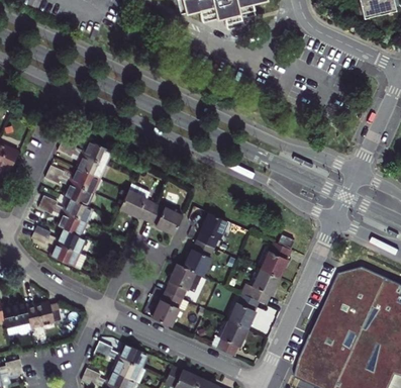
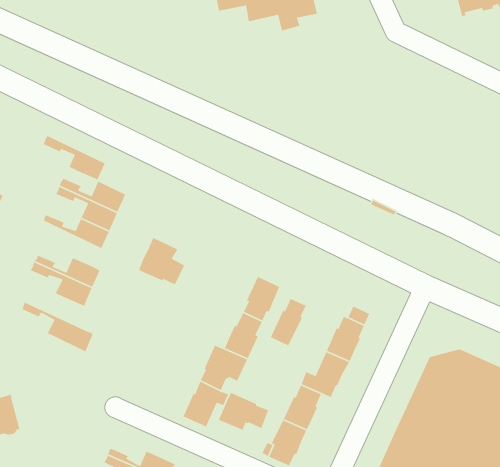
building: [44,171,92,205] -> [43,135,106,181]
building: [147,204,182,233] -> none
building: [33,226,85,253] -> none
building: none -> [270,298,307,346]
building: none -> [218,392,269,431]
building: [24,301,61,327] -> none

